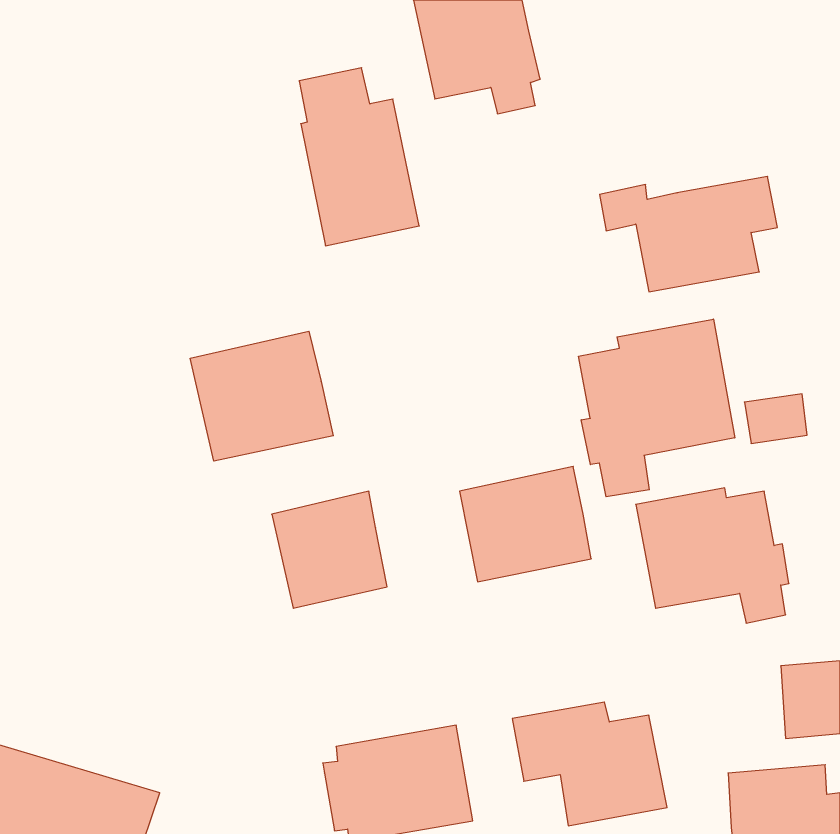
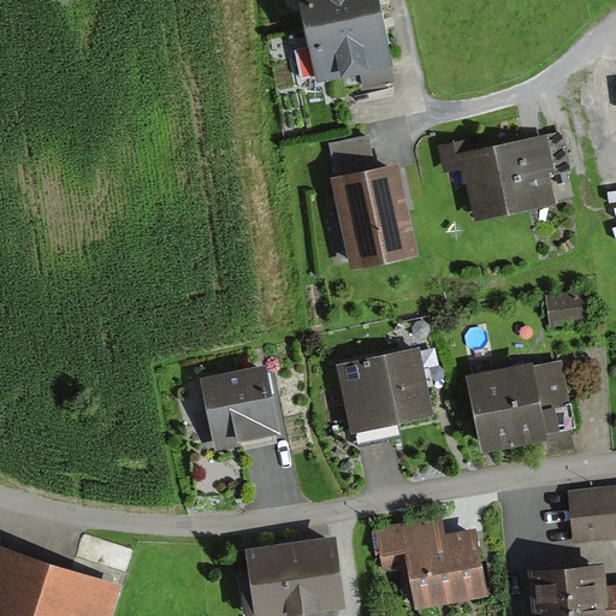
building: [299,68,419,246] -> [326,136,414,266]
building: [579,319,735,497] -> none
building: [190,331,333,461] -> none

